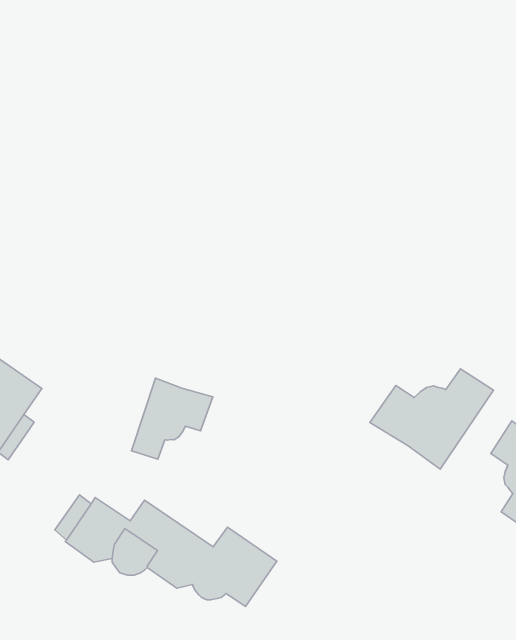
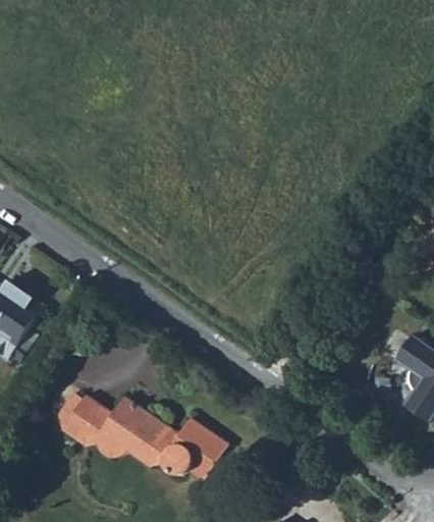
building: [370,369,493,469] -> none
building: [131,378,213,459] -> none

